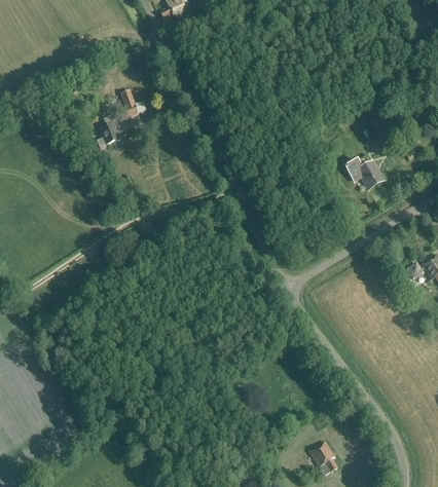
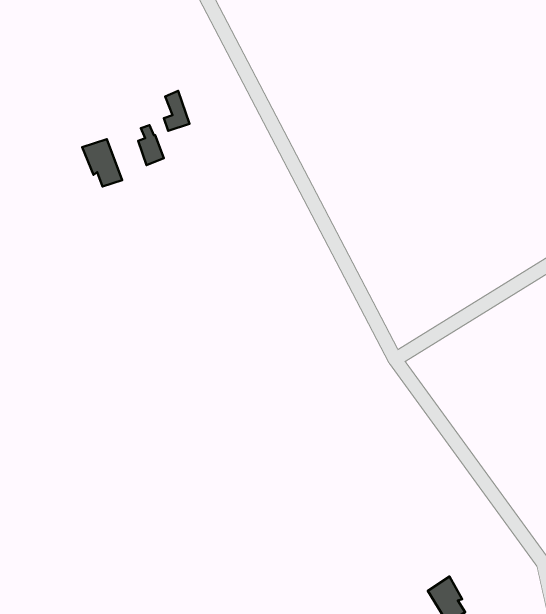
building: none -> [82,139,122,187]
building: [342,153,382,188] -> none

